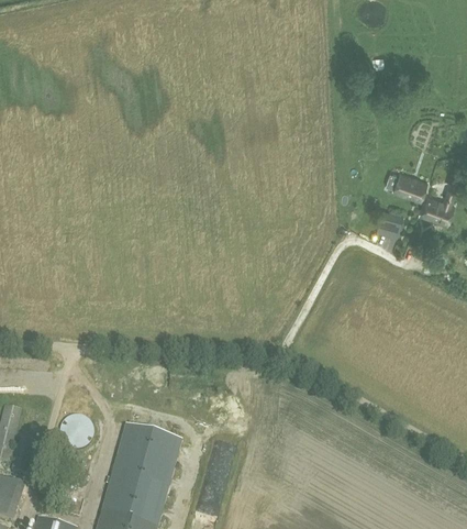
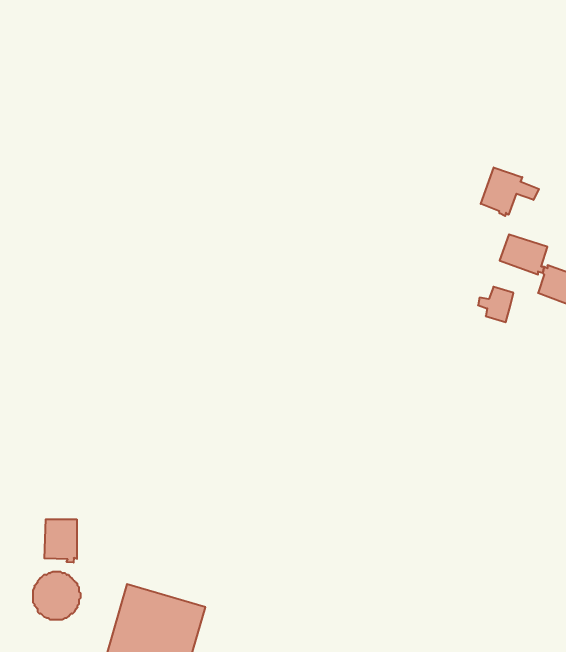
building: none -> [481,167,539,216]
building: none -> [44,519,77,563]

